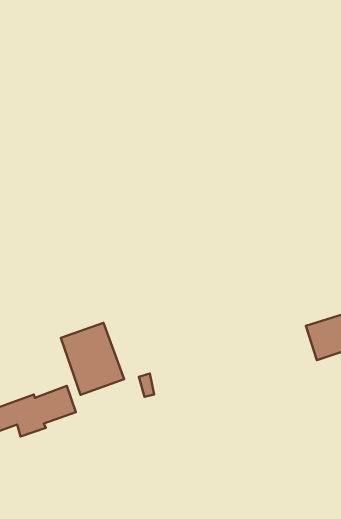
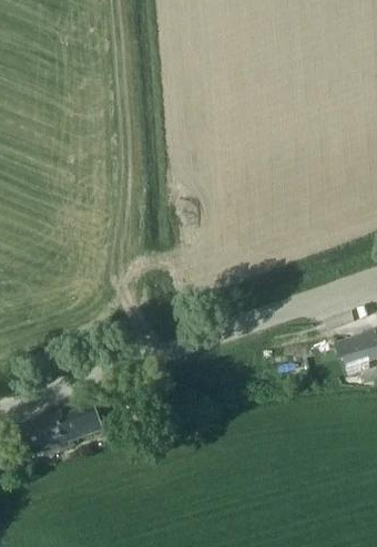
building: [61,323,124,395] -> none

